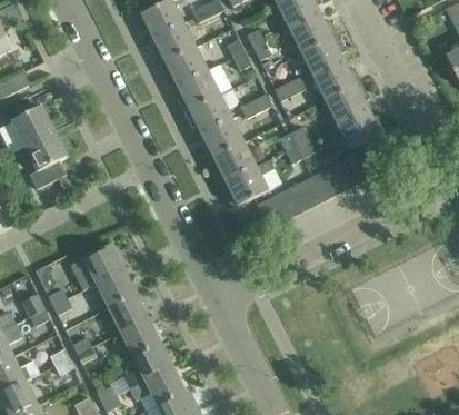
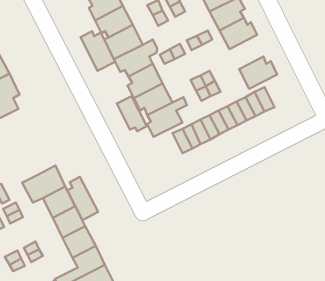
building: none -> [81,31,115,71]
building: [326,82,369,125] -> none
building: none -> [117,96,147,131]
building: none -> [67,177,98,220]

